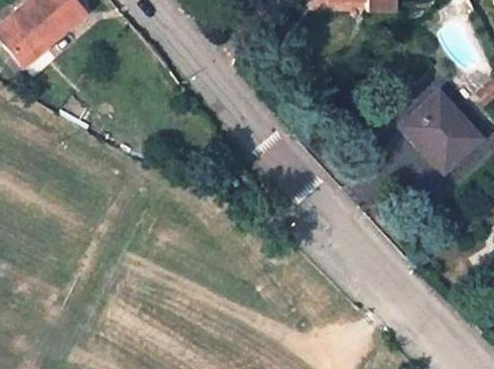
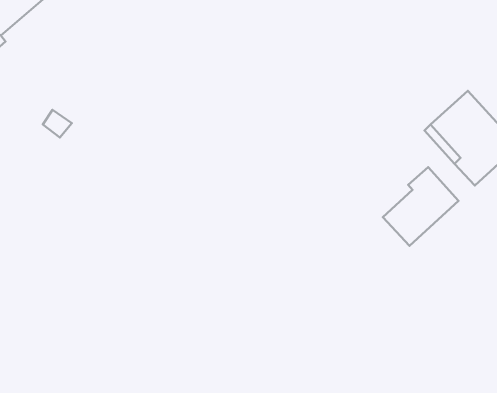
building: none -> [383,167,459,246]

